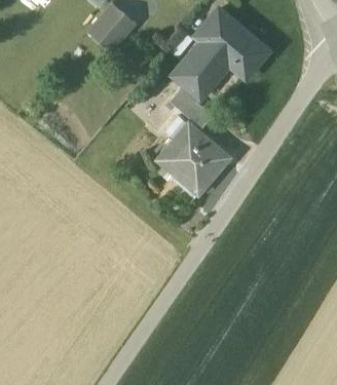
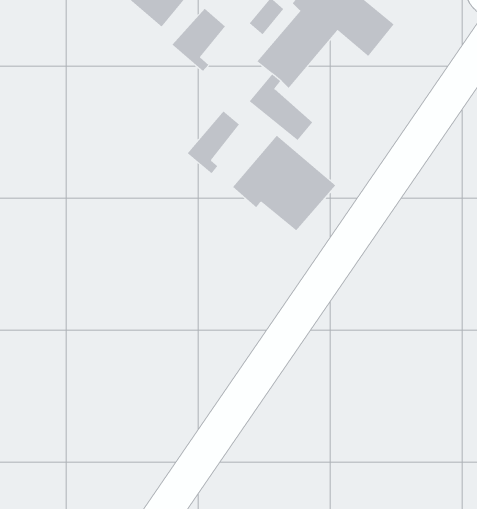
building: none -> [172,8,226,72]
building: none -> [187,111,240,174]

